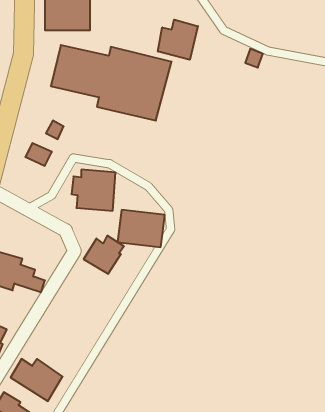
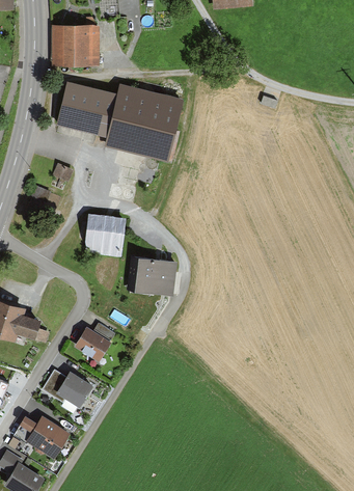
building: [158,20,198,60] -> none
building: [84,236,124,274] -> [73,322,115,362]
building: none -> [40,369,93,408]

